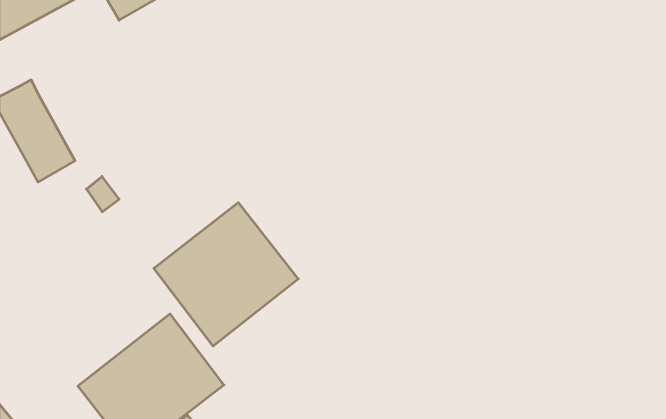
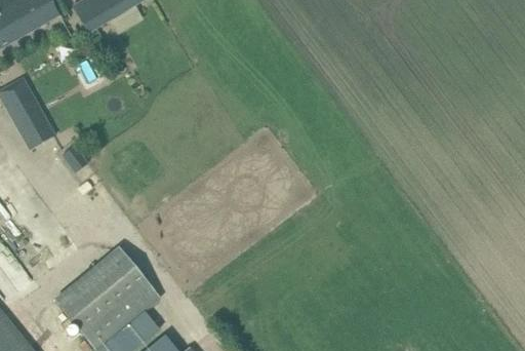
building: [154,203,298,346] -> none

